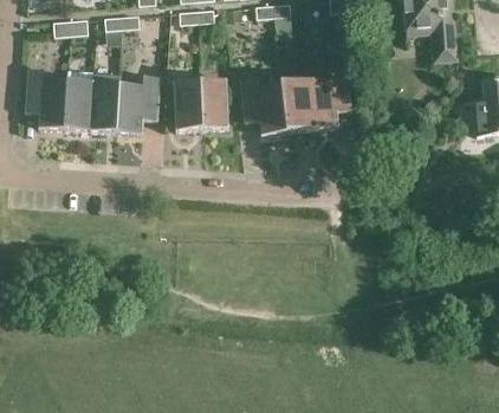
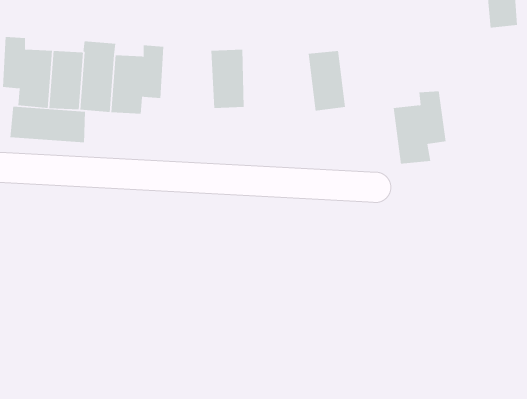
building: [306,66,351,128] -> [393,91,447,164]
building: [239,77,286,135] -> none
building: [173,80,201,130] -> none
building: none -> [10,106,86,143]

